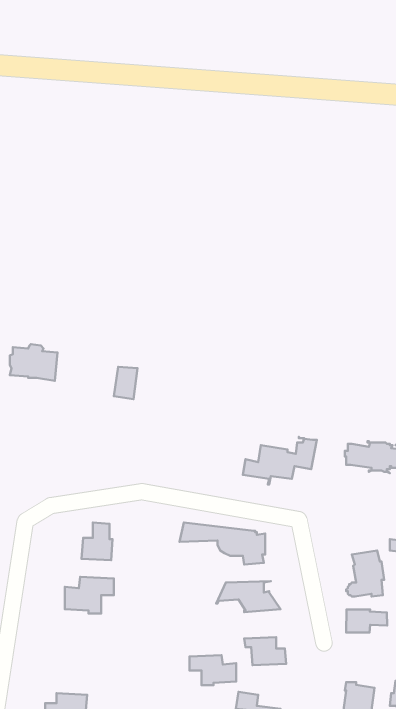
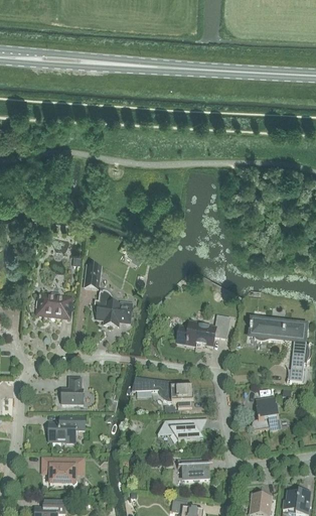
building: [10,344,58,381] -> [37,292,71,318]
building: none -> [95,290,132,326]
building: [346,609,387,632] -> none
building: none -> [42,458,84,486]
building: [189,655,236,685] -> none

